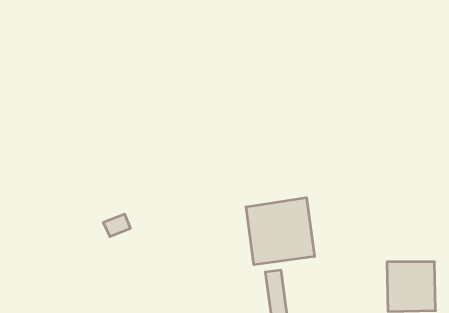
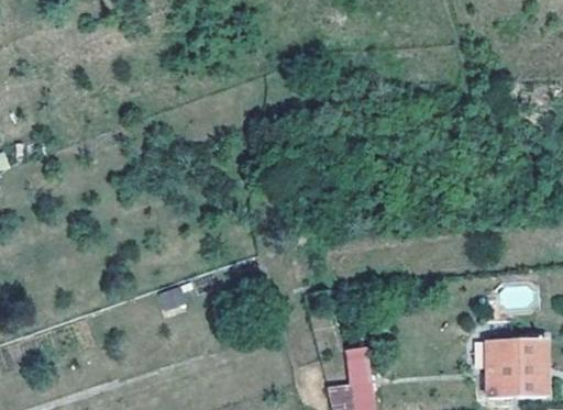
building: [246,198,314,265] -> none

